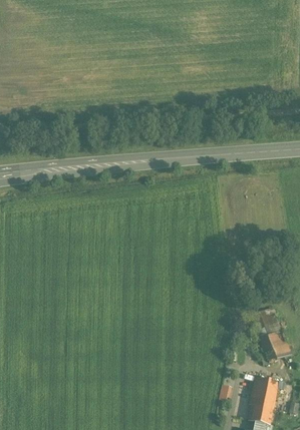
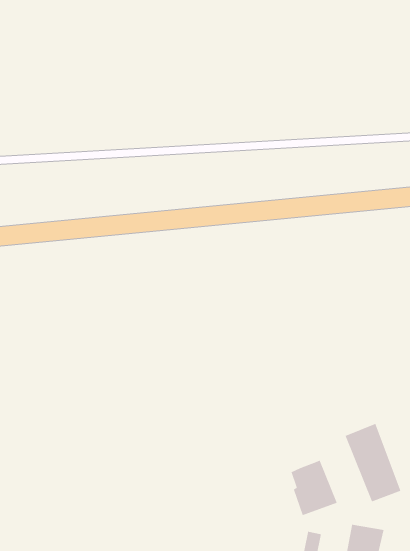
building: none -> [291,459,338,516]

